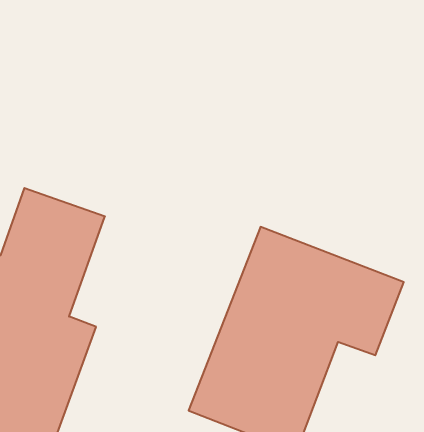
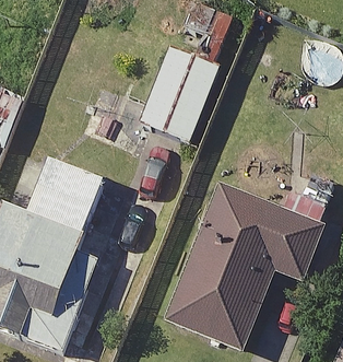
building: none -> [141,38,224,142]

